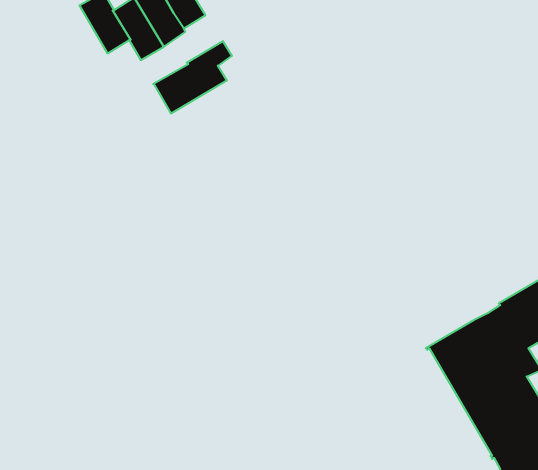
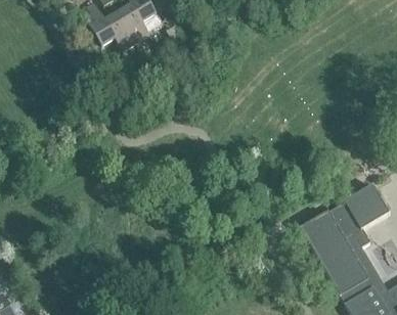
building: [153,41,232,114] -> none

